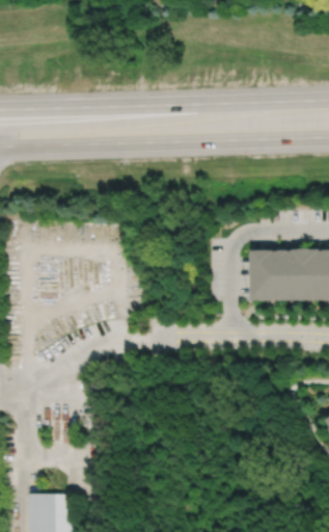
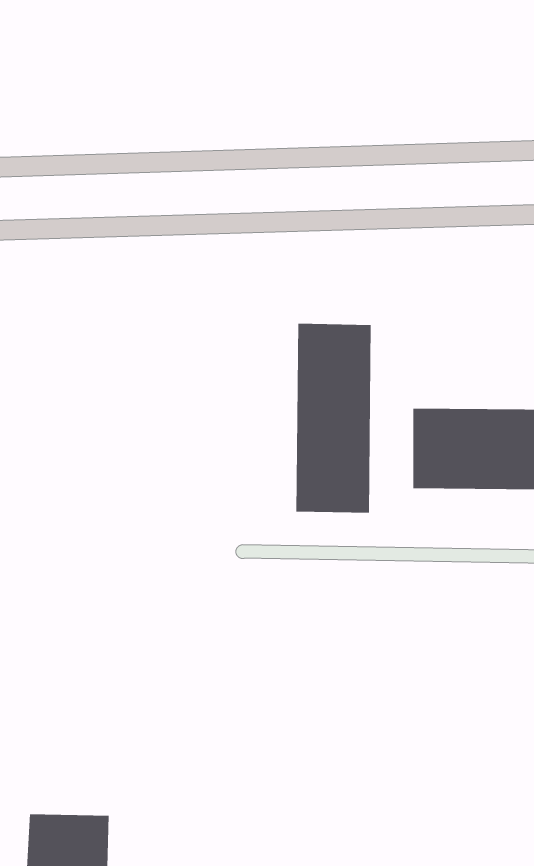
building: none -> [296,323,371,514]

